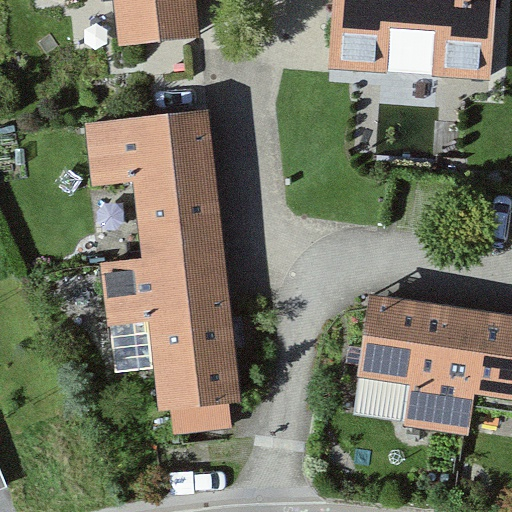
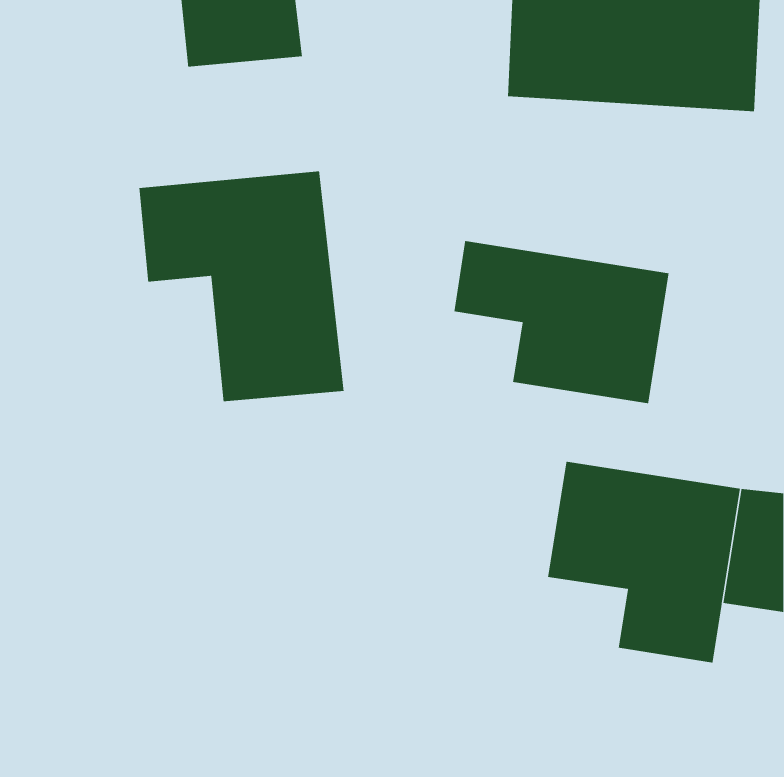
building: none -> [454,240,670,404]
building: [102,255,237,429] -> none

